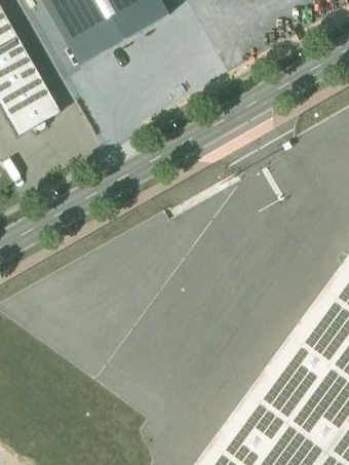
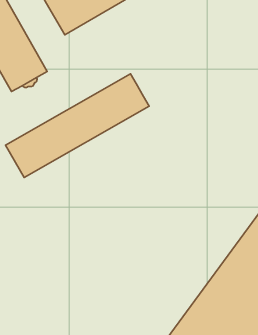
building: none -> [5,74,149,177]

